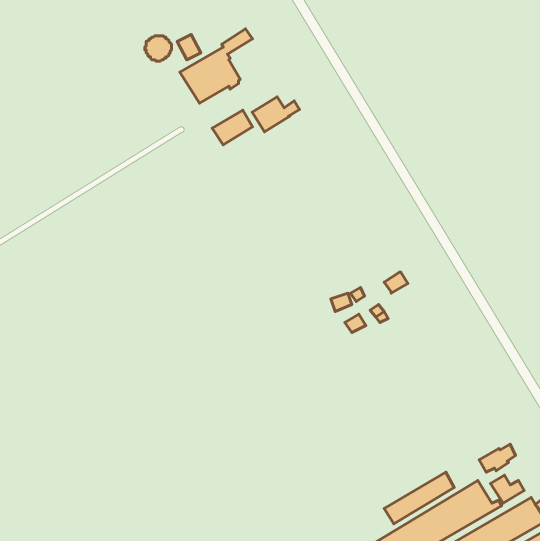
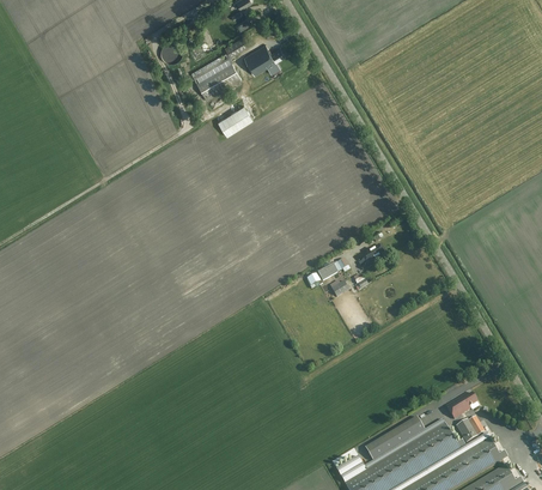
building: [252,97,300,132] -> [243,46,284,75]

